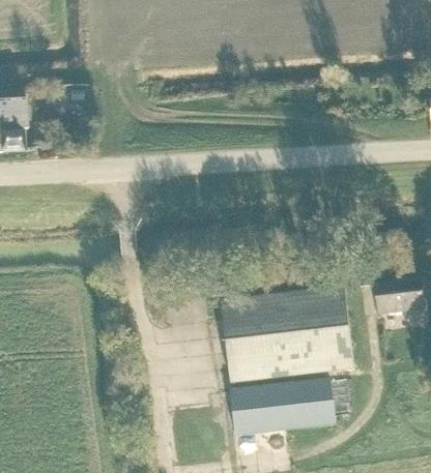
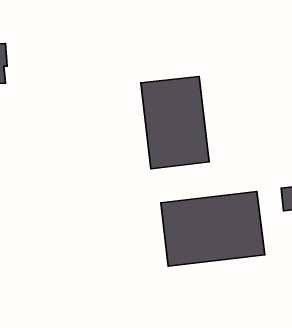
building: none -> [141,76,209,169]
building: [229,378,335,434] -> none

